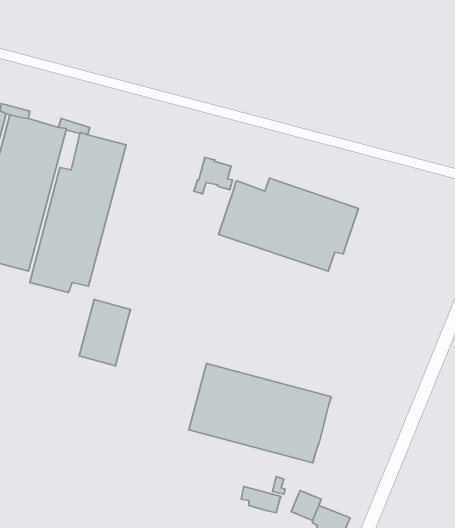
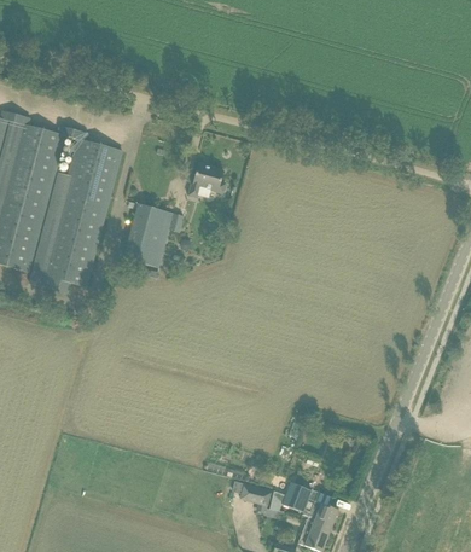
building: [218,178,359,271] -> none
building: [79,299,131,366] -> [124,203,174,267]
building: [189,364,331,463] -> none

